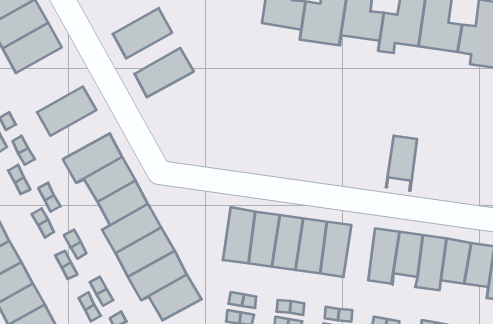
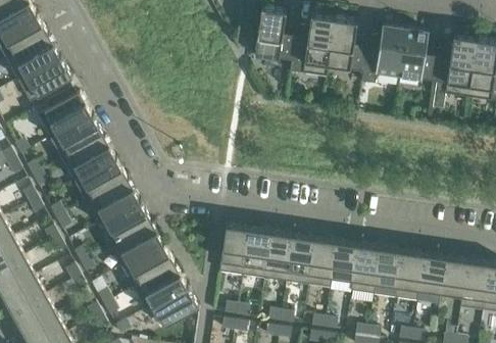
building: [113,8,172,58] -> [37,92,91,138]
building: [134,48,194,97] -> [61,136,115,181]
building: [386,136,417,191] -> [329,241,357,291]

